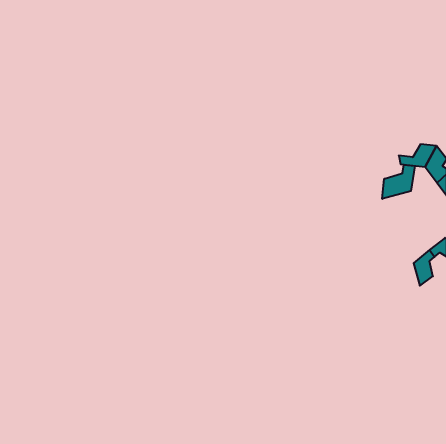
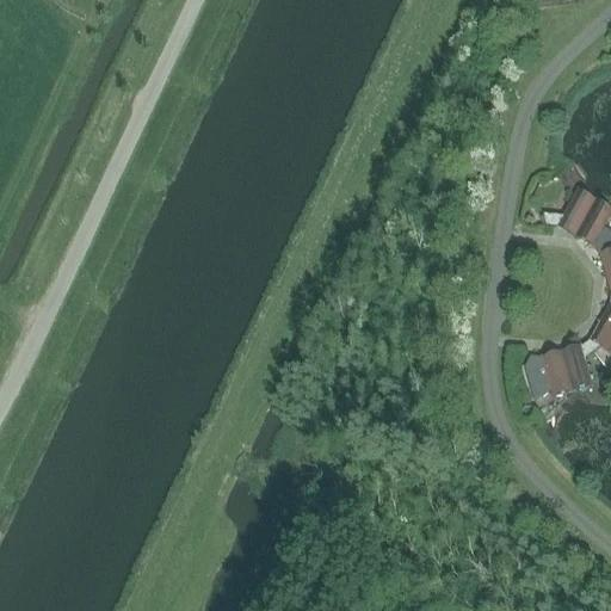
building: [382,165,415,199] -> none
building: none -> [526,356,574,400]

